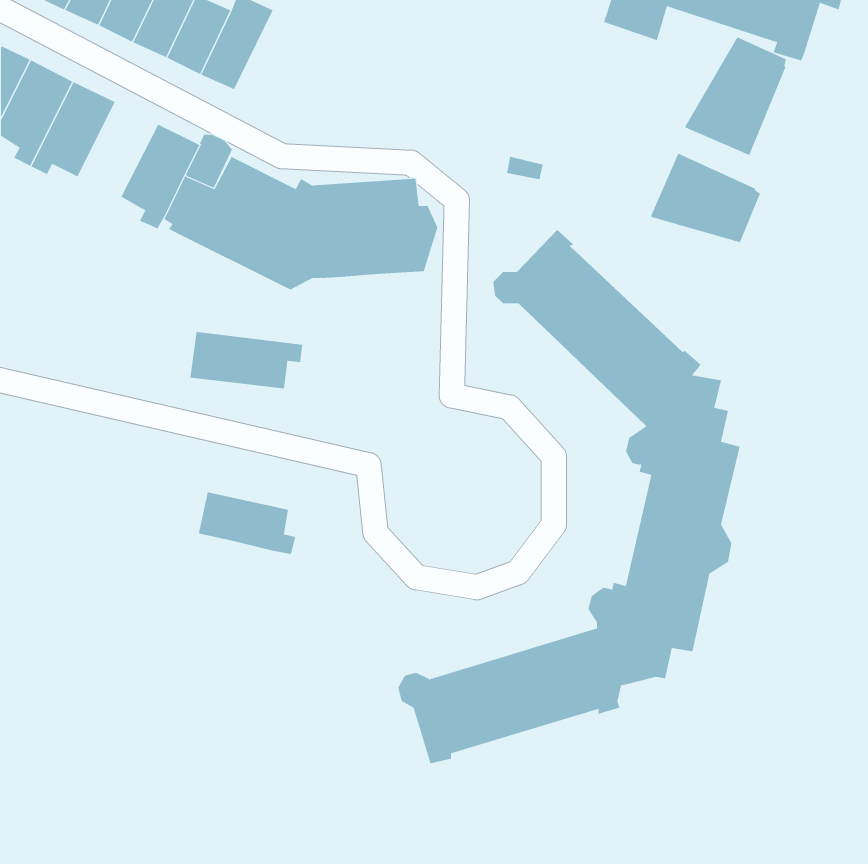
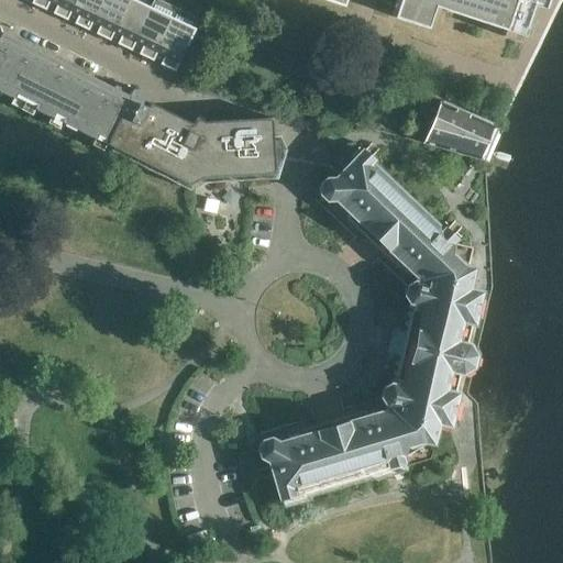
building: none -> [152,7,198,68]
building: [684,36,787,156] -> none
building: none -> [46,66,102,128]
building: [190,331,303,389] -> none
building: [197,492,296,555] -> none

